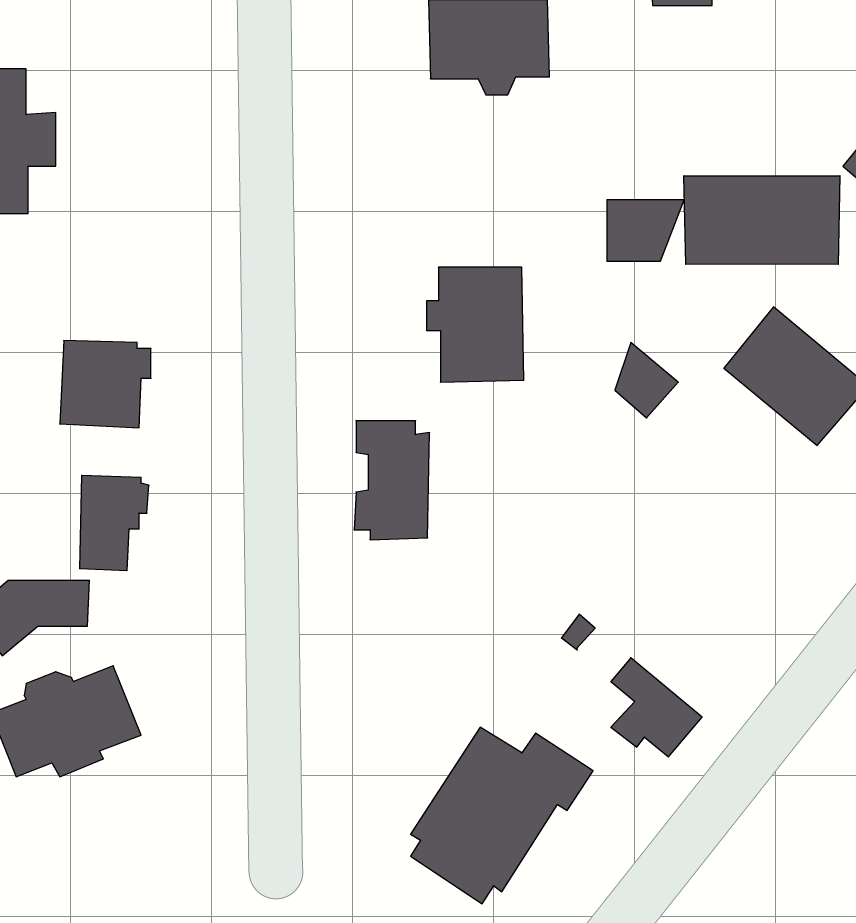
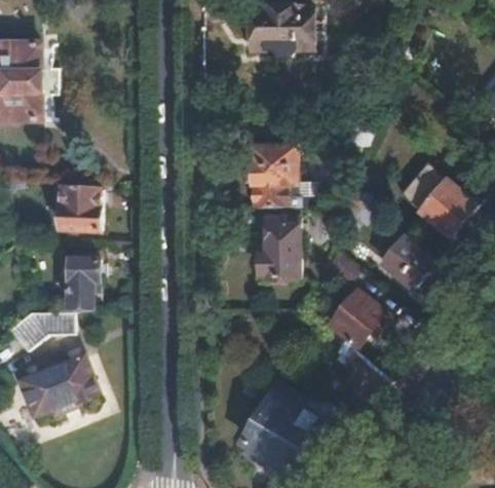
building: [684,176,840,264] -> none
building: [354,421,430,540] -> [262,217,301,278]
building: none -> [381,236,432,288]
building: none -> [330,291,388,346]

